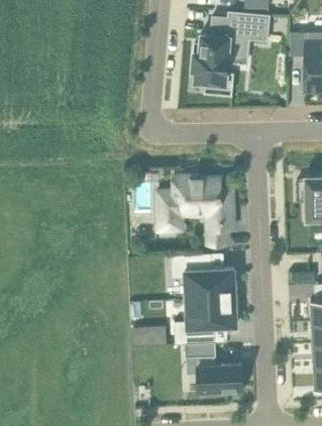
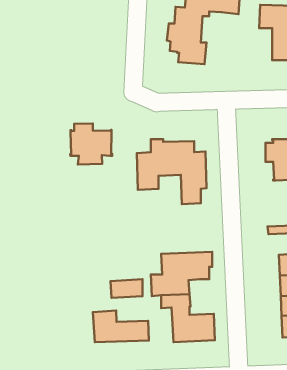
building: none -> [70,123,112,165]
building: [171,253,239,299] -> none
building: none -> [93,310,149,342]

